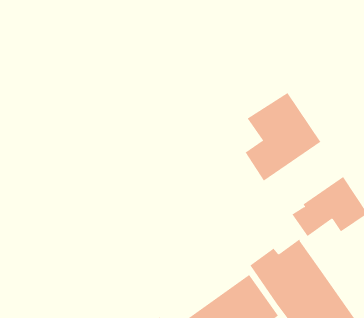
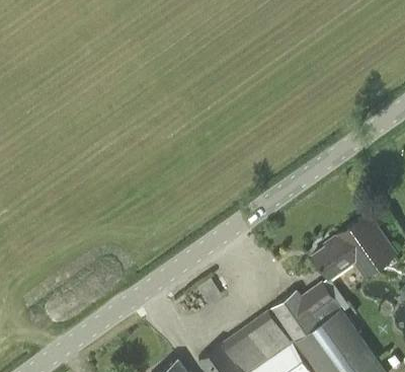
building: [245,92,321,181] -> none

